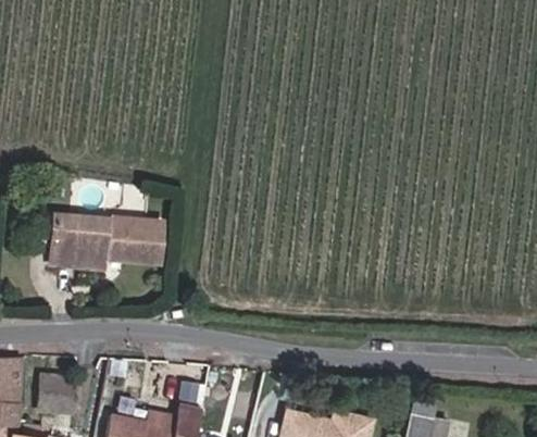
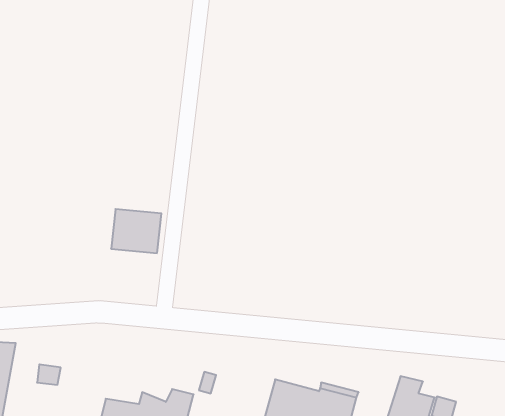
building: [46,213,124,276] -> none

